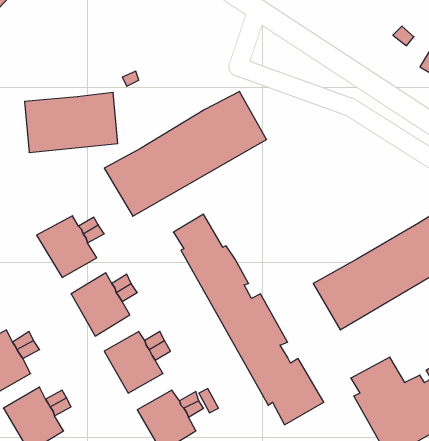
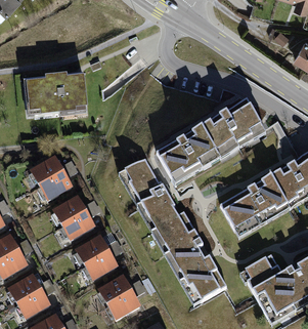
building: [104,91,267,216] -> [155,99,265,184]

